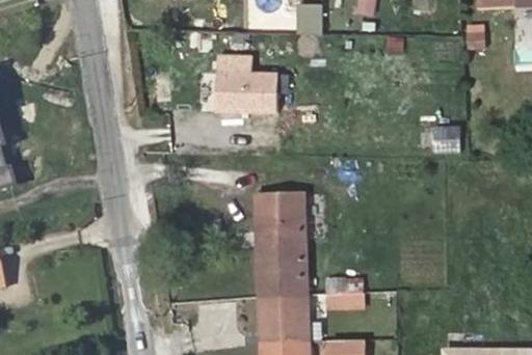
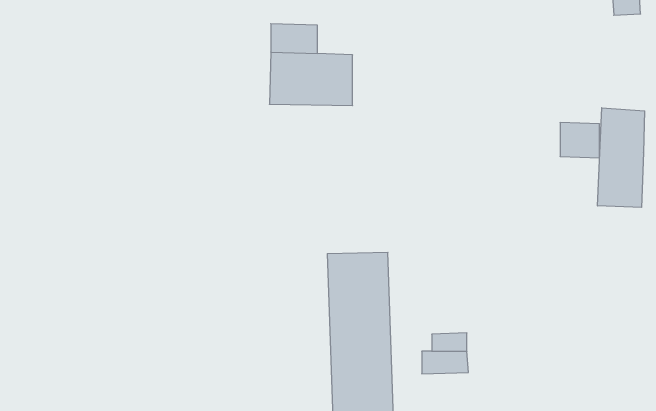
building: none -> [598,108,645,207]
building: [258,195,303,222] -> none

